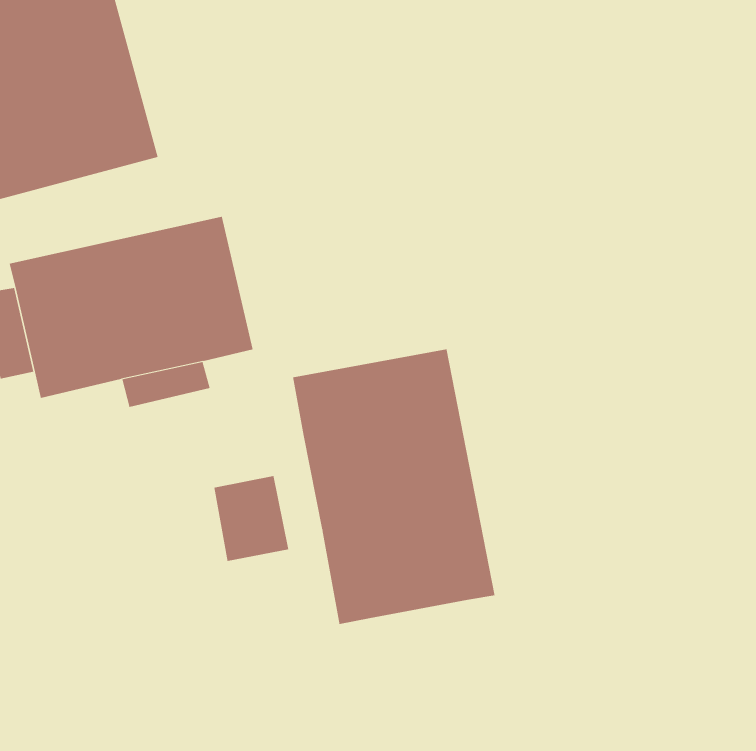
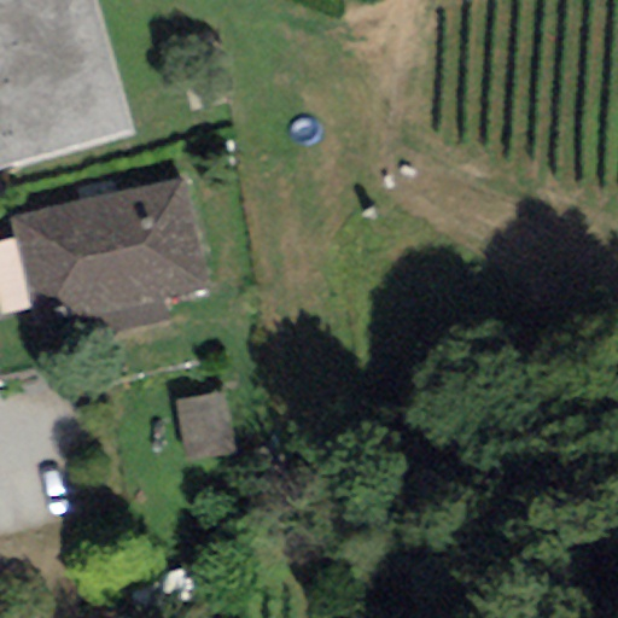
building: [292,348,495,625] -> none

